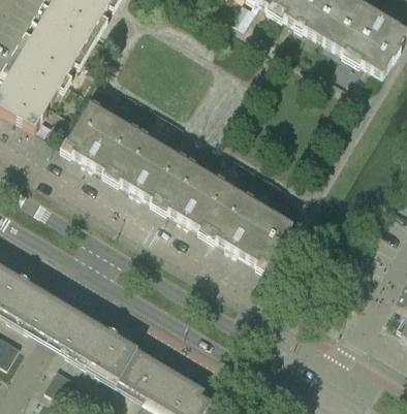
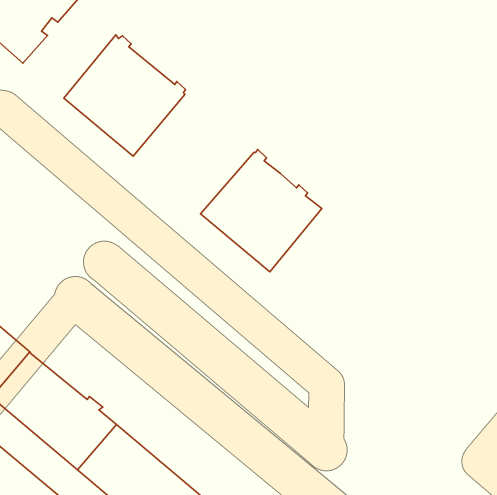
building: [113,131,187,204] -> none
building: [209,189,293,268] -> none

